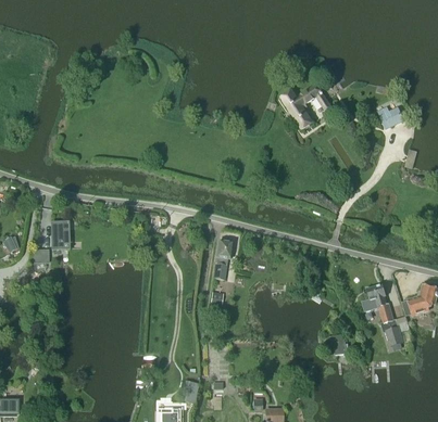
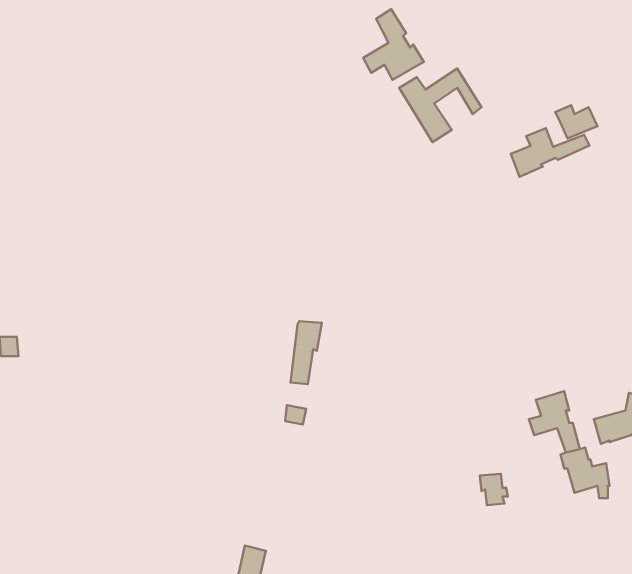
building: none -> [363,9,424,80]
building: none -> [511,128,590,177]
building: [52,222,70,250] -> none

